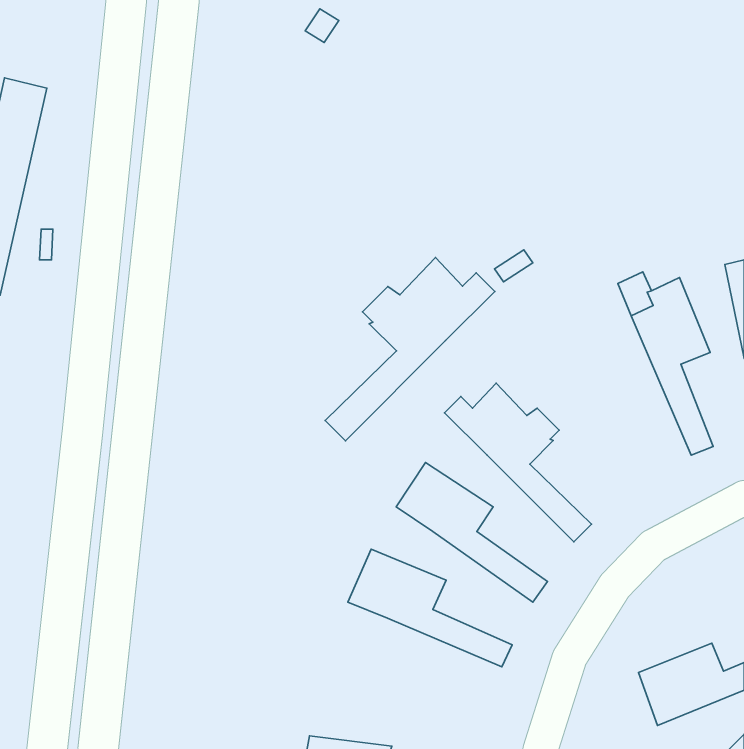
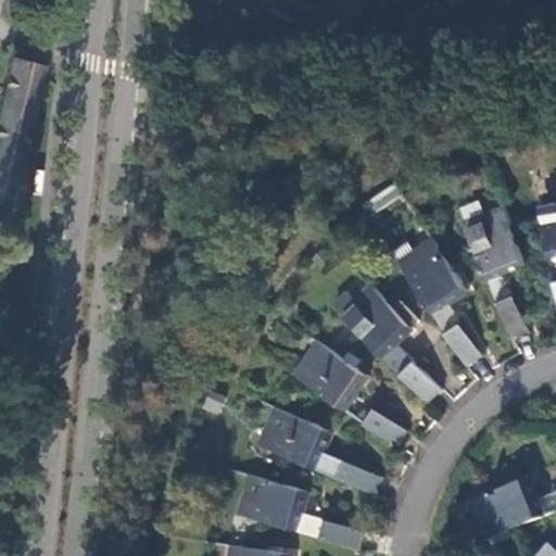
building: [325,257,495,441] -> none
building: none -> [396,240,481,366]
building: none -> [238,476,362,548]

